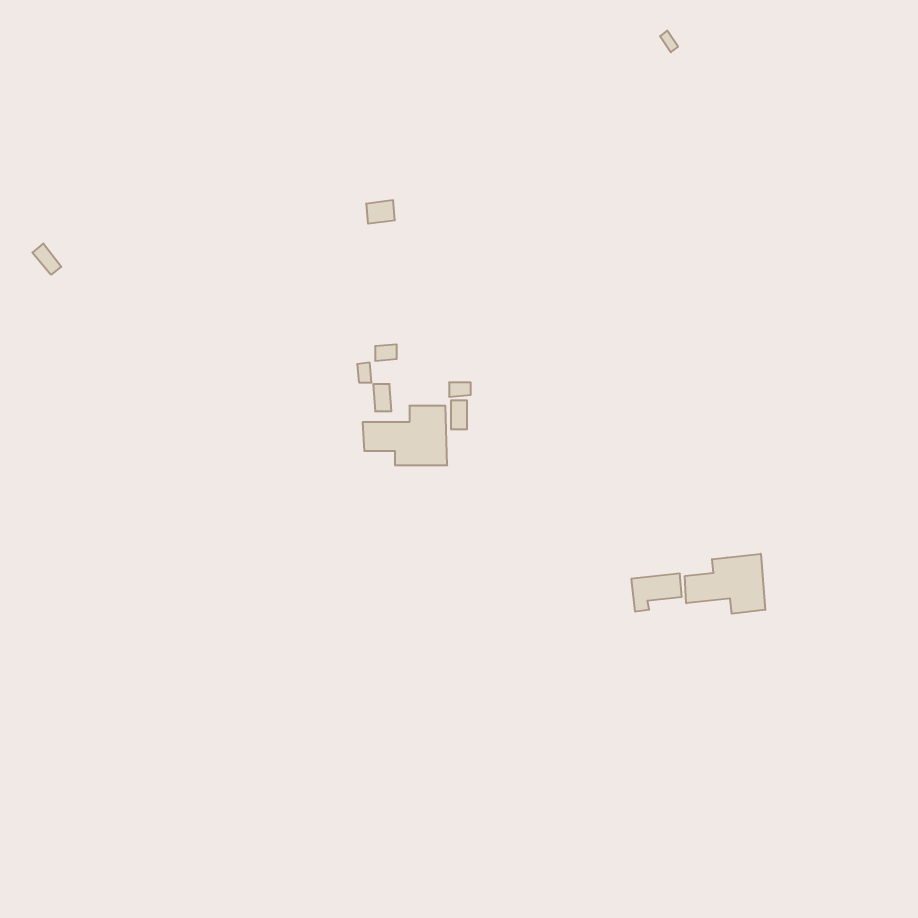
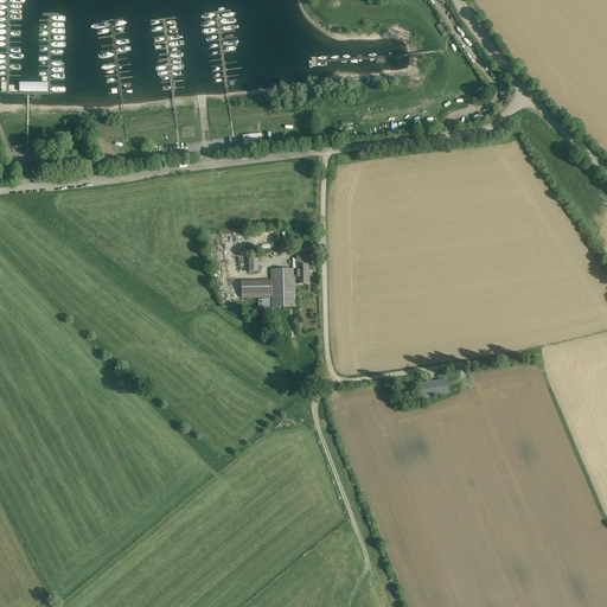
building: [685,554,765,614] -> none

